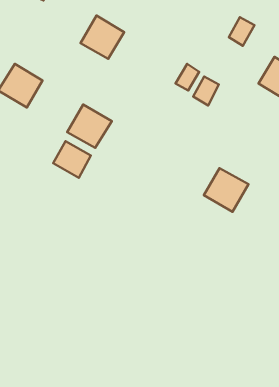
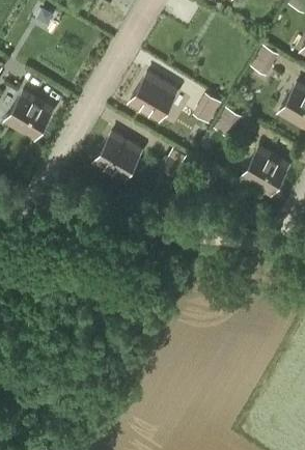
building: [81,15,124,59] -> [132,72,177,117]
building: [53,141,91,178] -> none
building: [204,168,248,212] -> [244,149,290,195]

